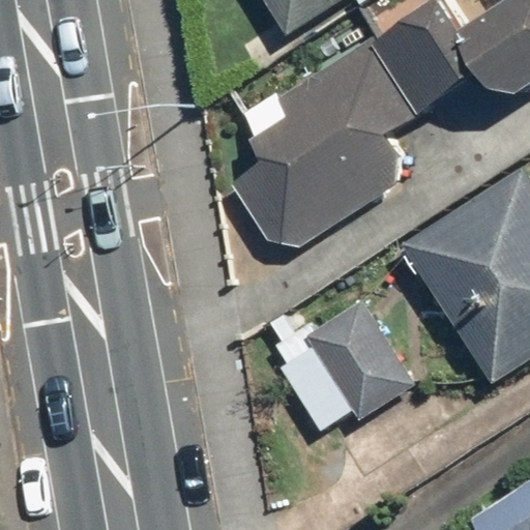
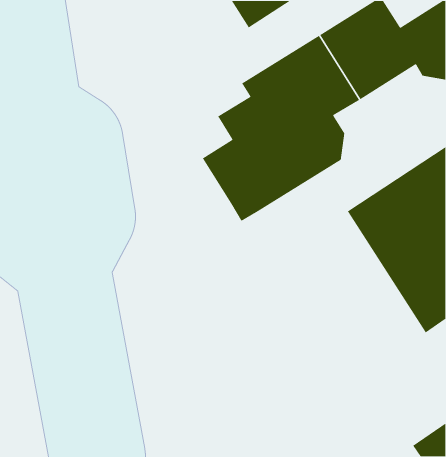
building: [302,298,417,422] -> none

